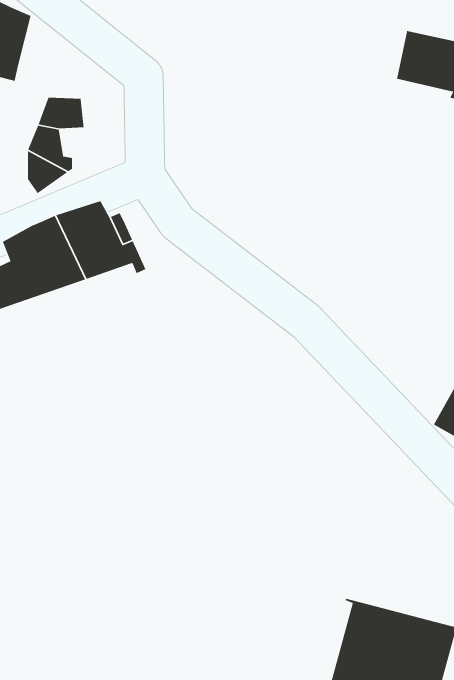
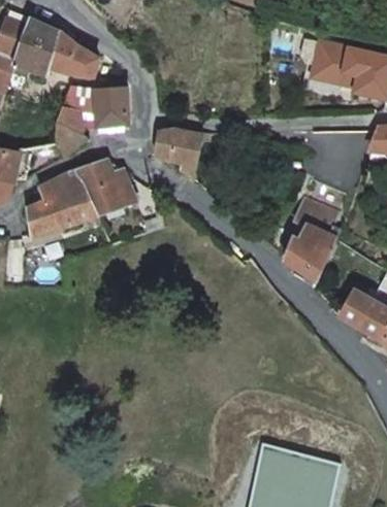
building: none -> [49,31,96,76]
building: none -> [92,87,127,128]
building: none -> [152,129,209,174]
building: none -> [282,201,340,294]

